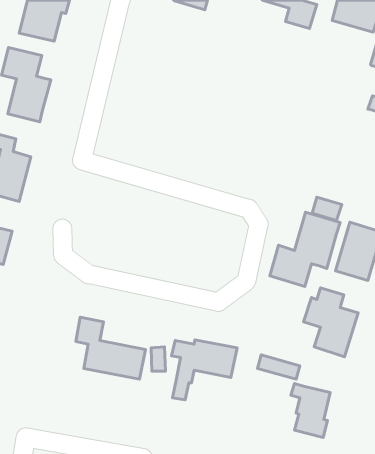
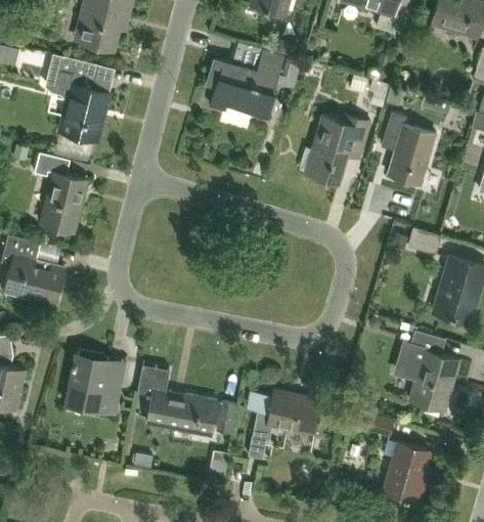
building: none -> [210,51,284,118]
building: none -> [381,112,437,185]
building: none -> [306,114,370,183]
building: [270,212,340,286] -> none
building: none -> [67,351,123,415]

